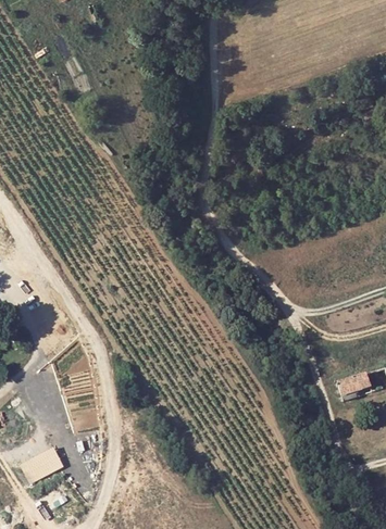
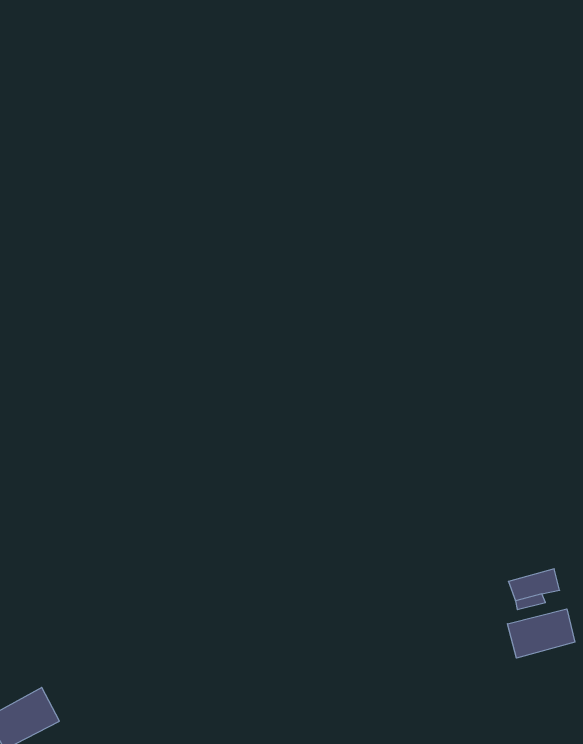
building: none -> [507,609,575,658]

